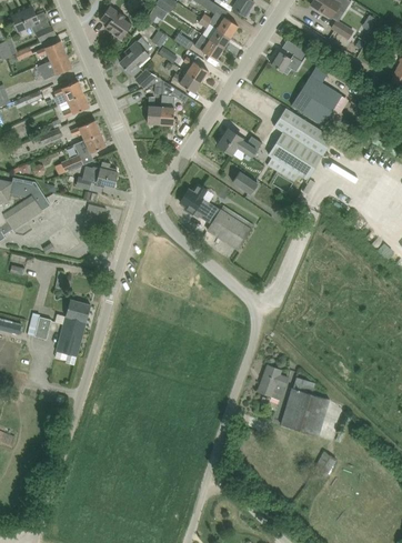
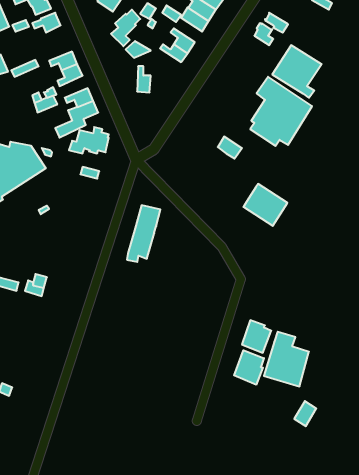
building: [38,53,72,78] -> none
building: [160,81,179,124] -> none
building: [217,129,261,161] -> none
building: [179,183,214,218] -> none
building: [207,205,253,250] -> [243,184,287,226]
building: [54,300,90,360] -> [127,205,160,262]
building: none -> [234,350,264,385]

